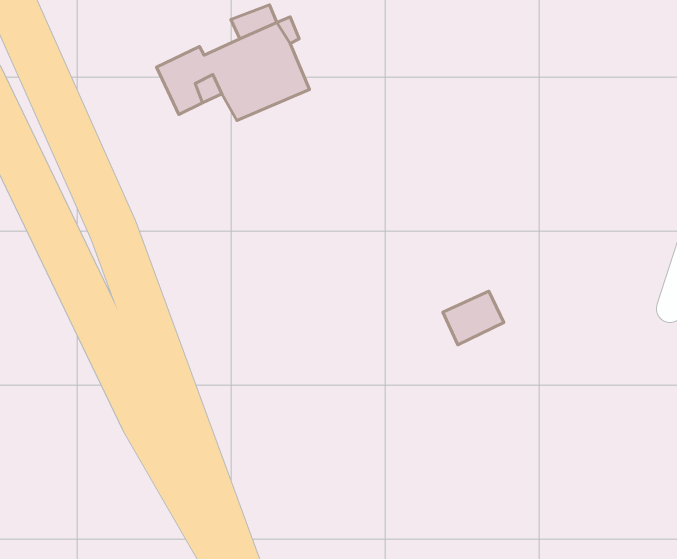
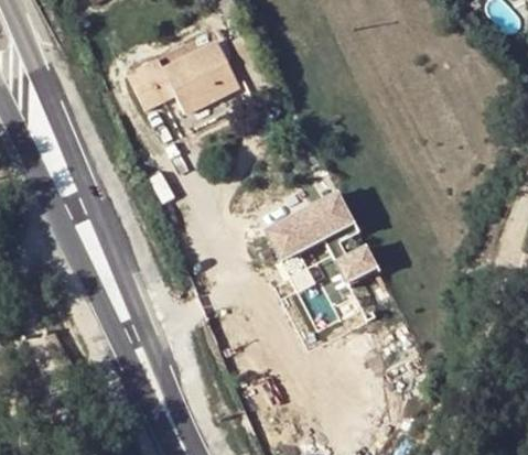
building: none -> [266,188,359,259]

